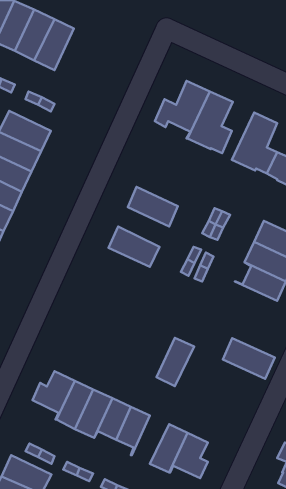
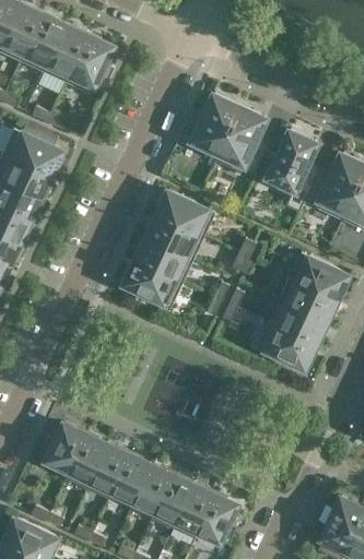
building: none -> [63,34,113,92]
building: none -> [156,190,214,235]
building: none -> [136,236,193,281]
building: [157,338,194,386] -> [151,472,193,526]
building: [223,338,275,379] -> [257,320,316,366]

